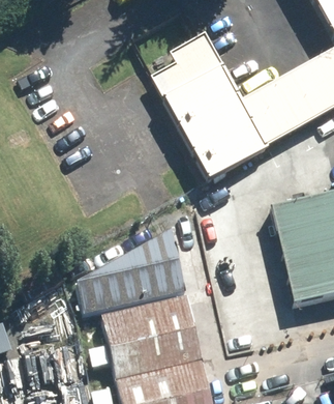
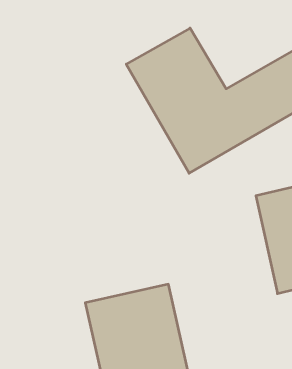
building: [75,227,185,318] -> none

